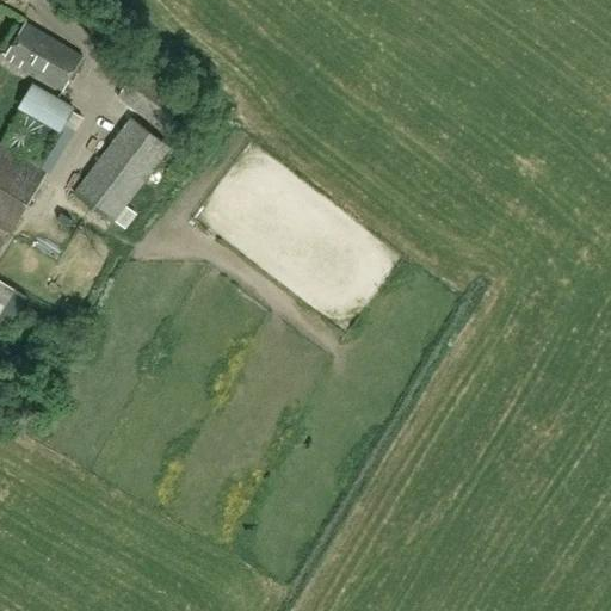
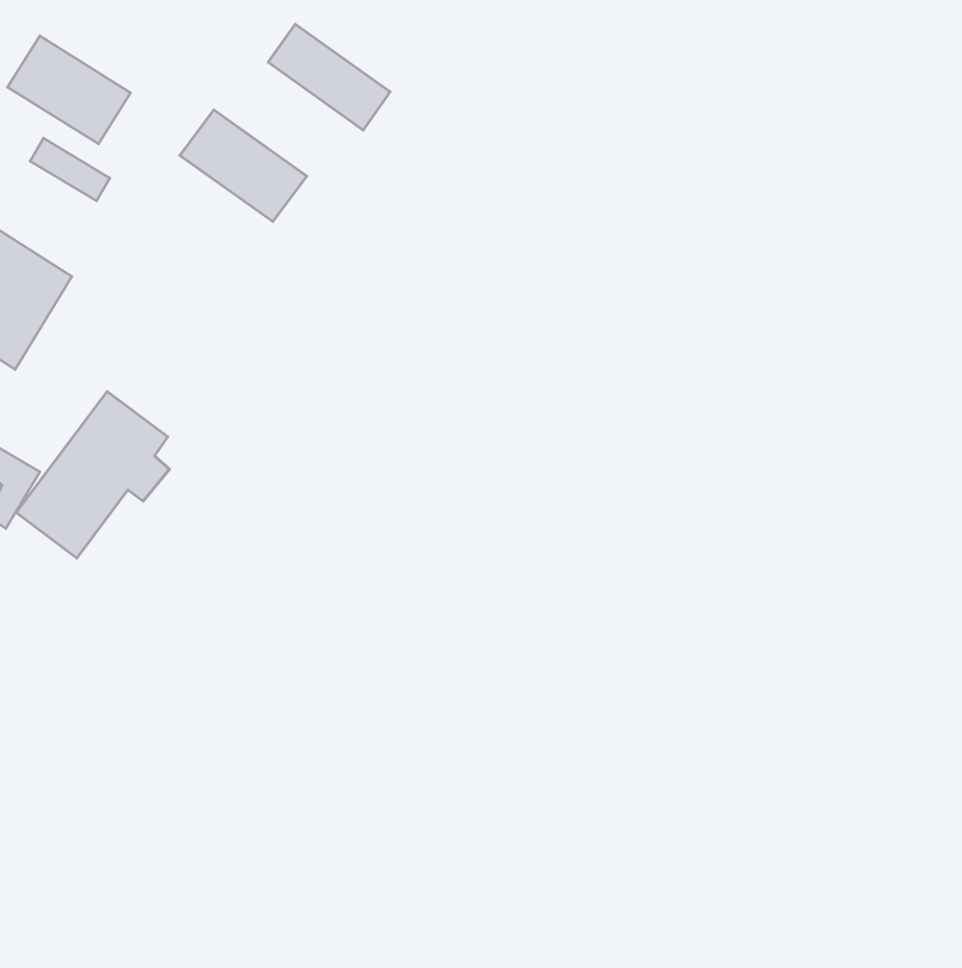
building: none -> [268,24,390,130]
building: [70,118,167,223] -> [16,391,170,558]

